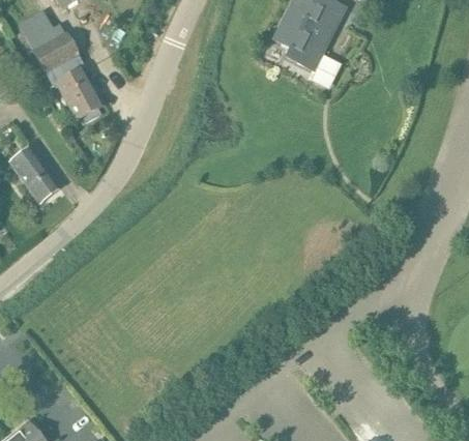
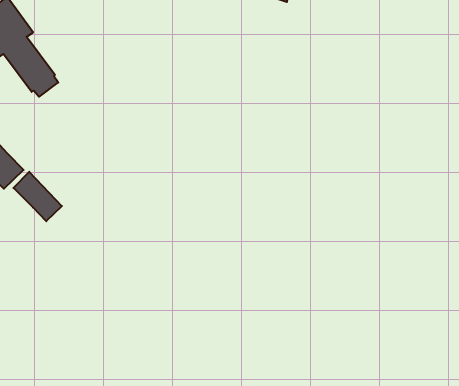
building: none -> [13,172,62,221]

